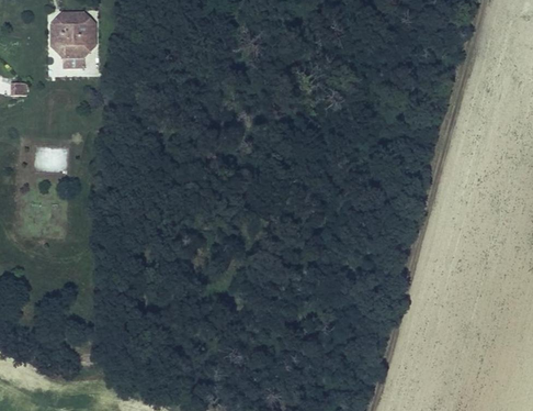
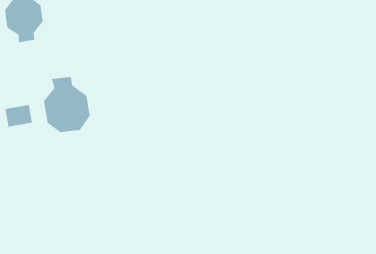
building: none -> [43,76,91,133]

